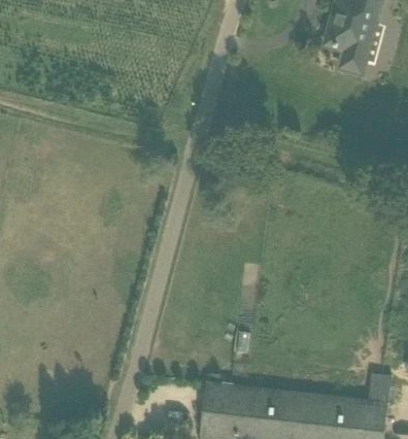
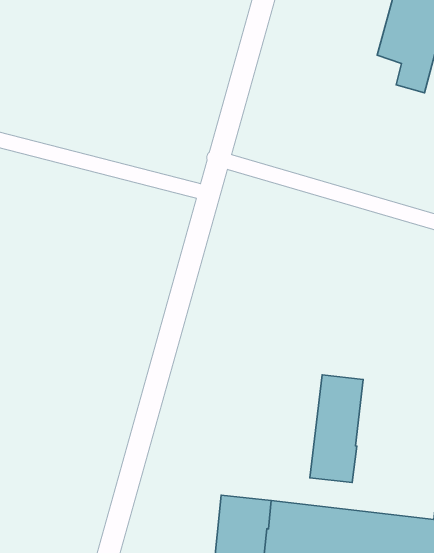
building: none -> [310,375,363,483]

